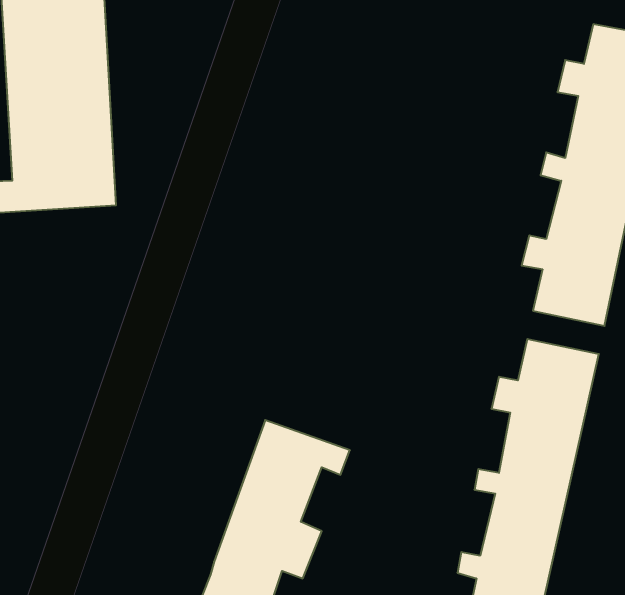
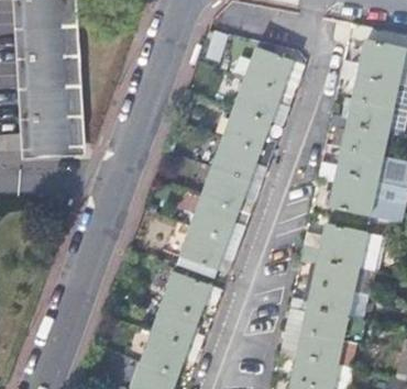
building: none -> [178,51,296,276]

